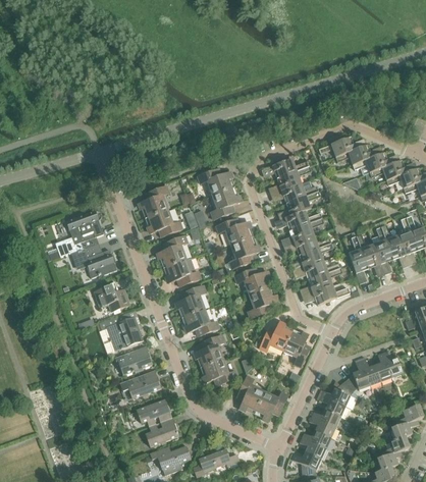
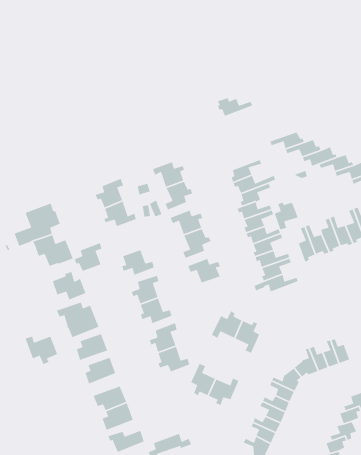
building: [271,157,309,177] -> [217,97,253,117]
building: none -> [274,202,299,231]
building: [157,235,187,266] -> [74,242,102,272]
building: [247,287,276,319] -> none
building: none -> [24,335,58,365]

